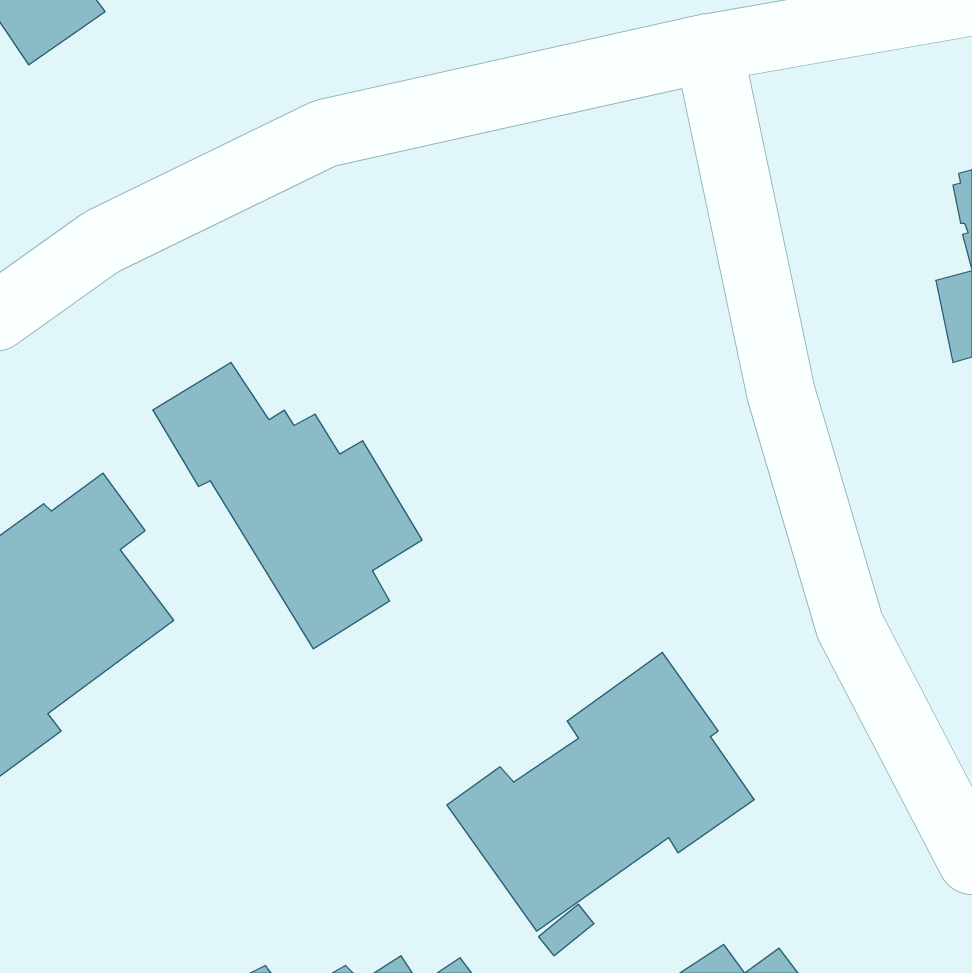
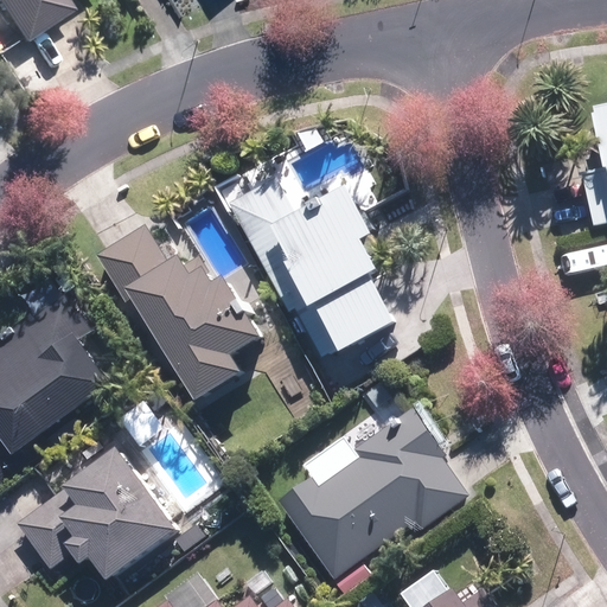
building: none -> [229,179,392,357]
building: none -> [13,447,175,581]

